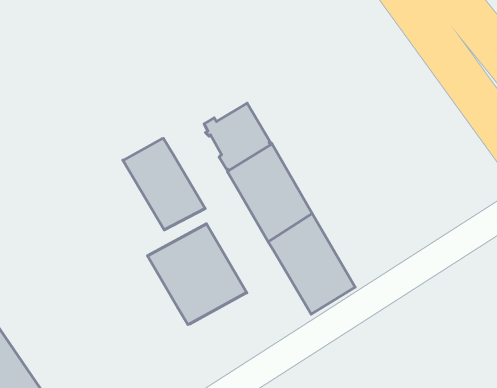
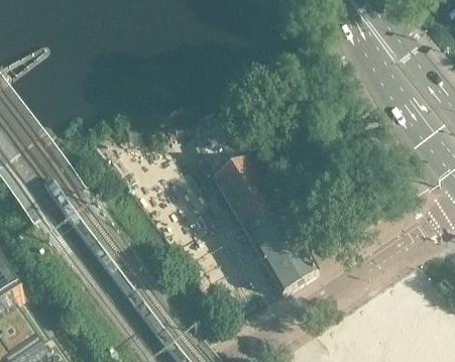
building: [123,139,205,230] -> none
building: [148,224,247,325] -> none

